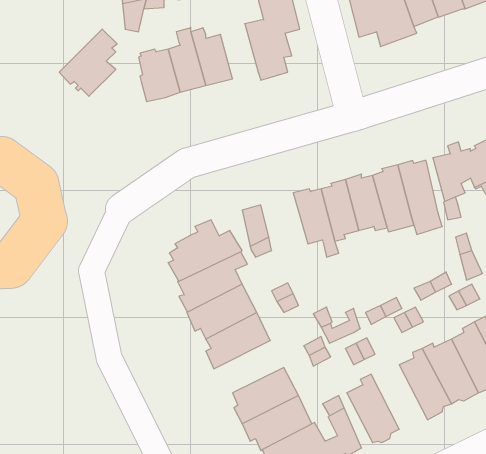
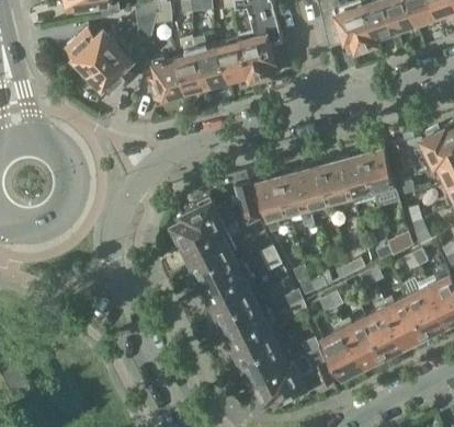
building: none -> [67,28,122,74]
building: none -> [218,35,249,80]
building: none -> [257,173,290,232]
building: none -> [213,293,270,336]
building: none -> [341,313,387,366]

